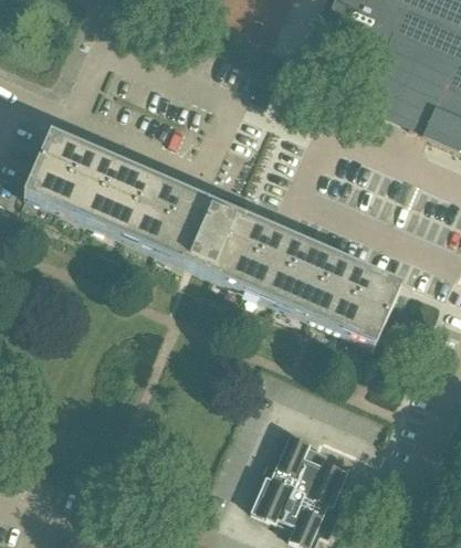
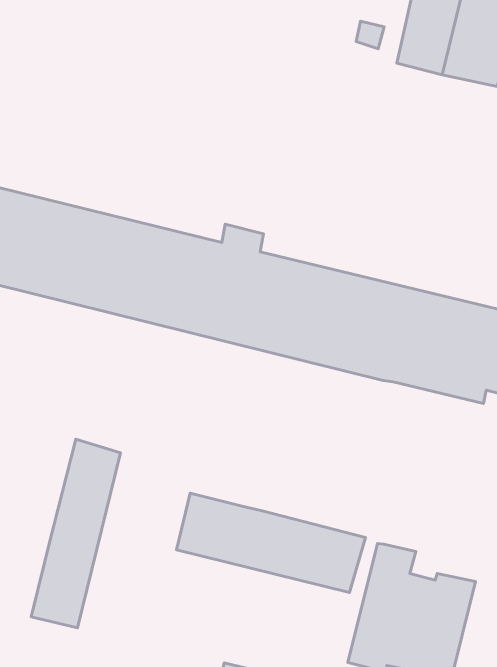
building: none -> [31,439,121,628]
building: none -> [177,493,365,592]

